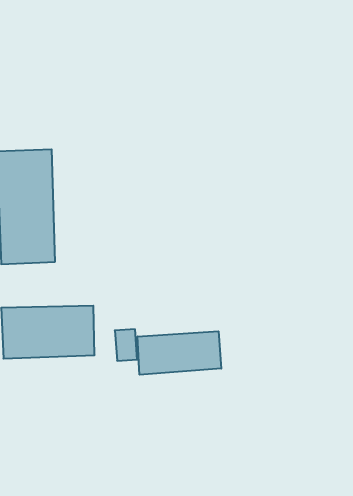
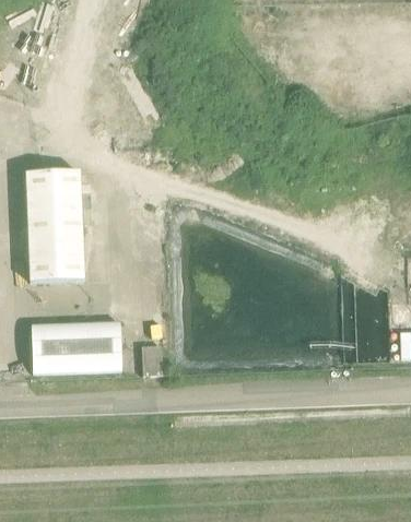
building: [138,331,221,375] -> none

